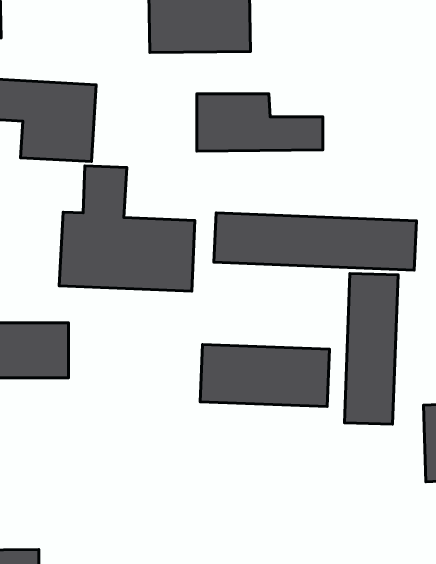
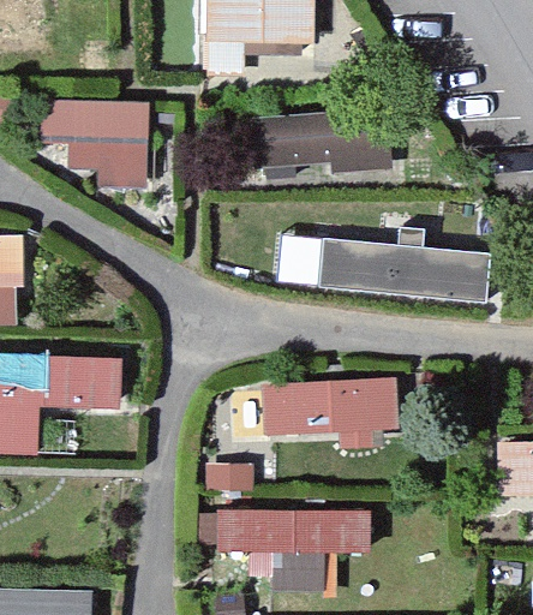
building: [59,166,195,291] -> none
building: [345,274,398,424] -> none
building: none -> [216,507,369,585]

